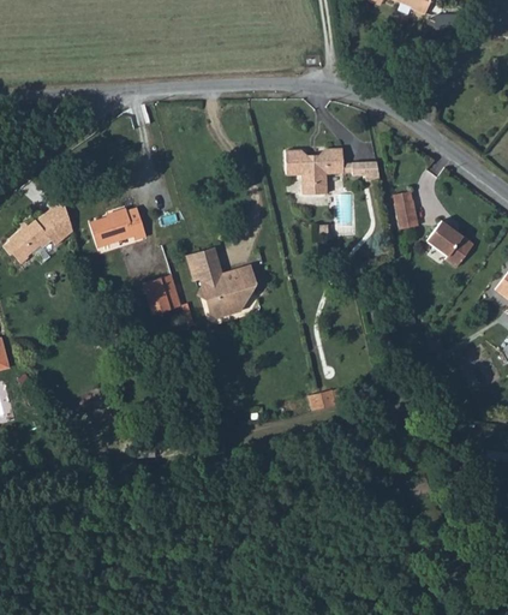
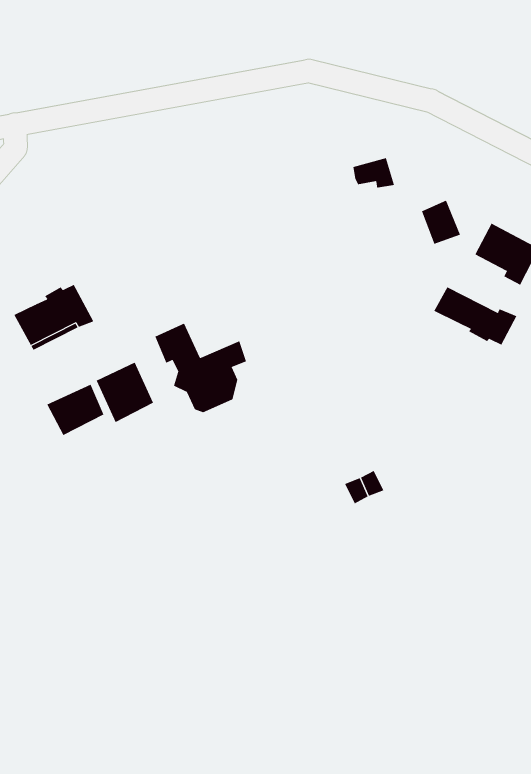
building: [287,147,345,195] -> none
building: none -> [434,287,517,346]
building: none -> [47,384,104,436]

